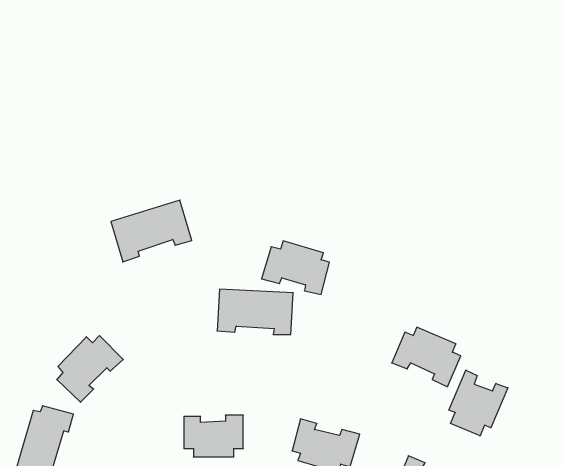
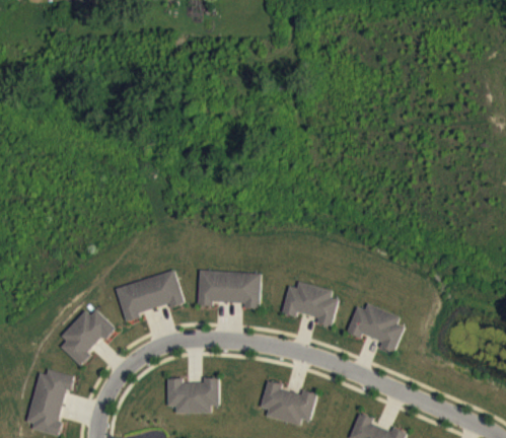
building: [111,200,192,262] -> [116,270,185,322]
building: [262,241,329,294] -> [281,281,339,326]
building: [449,370,508,436] -> none

